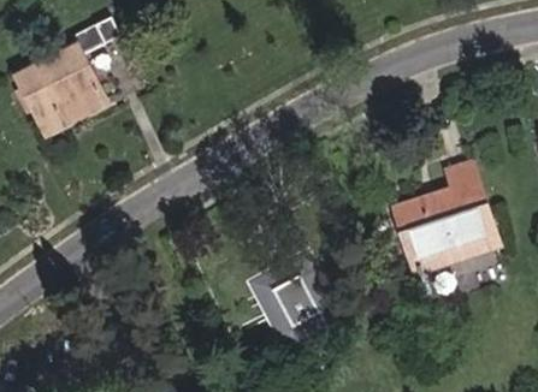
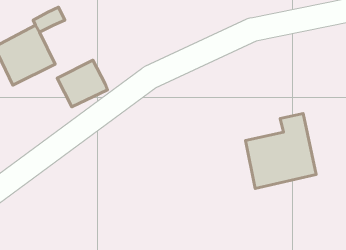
building: none -> [57,60,108,107]
building: [255,263,320,332] -> none

